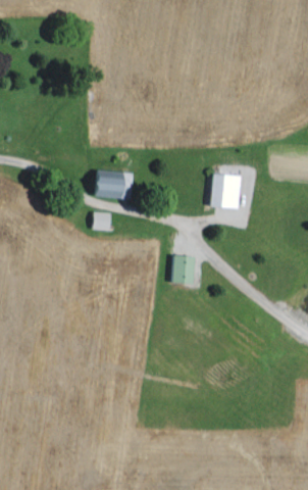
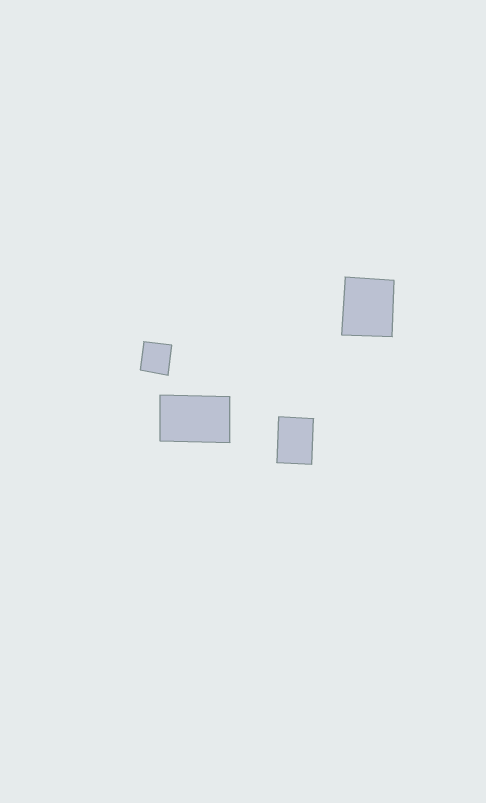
building: [94,170,135,198] -> [160,395,230,442]

